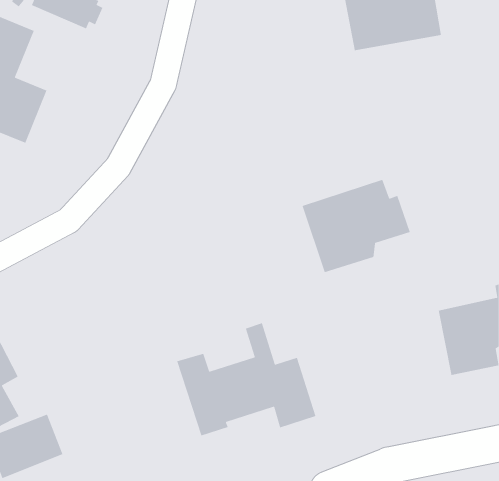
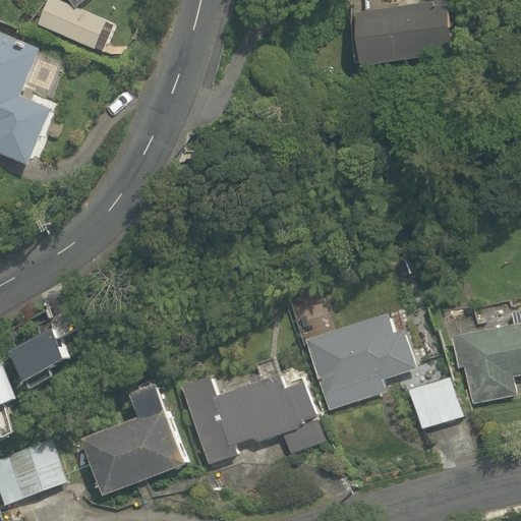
building: [301,179,411,273] -> [303,313,415,410]
building: none -> [11,329,76,388]
building: none -> [409,380,462,428]
building: none -> [82,384,187,495]

